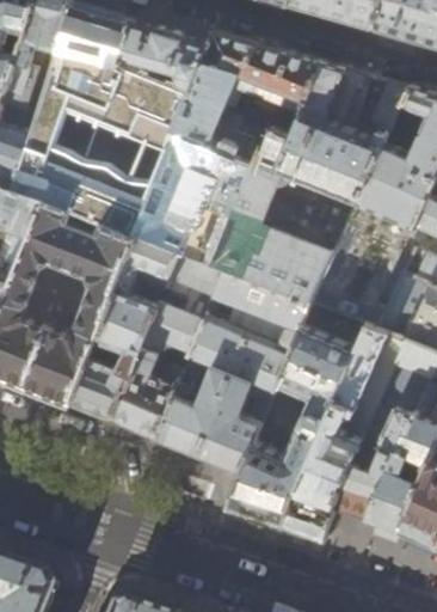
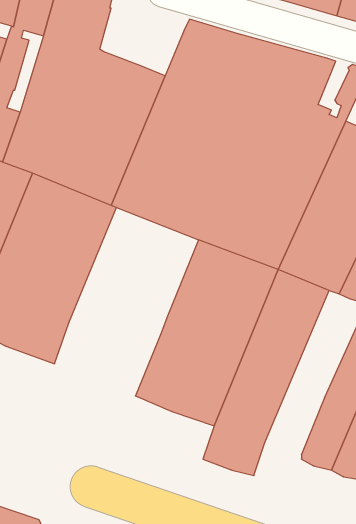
building: [121,23,211,96] -> none
building: [72,238,227,441] -> none
building: [287,328,389,540] -> none

